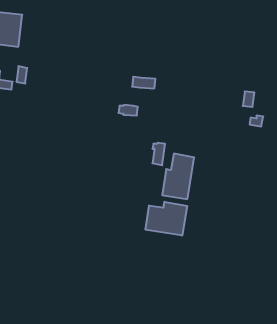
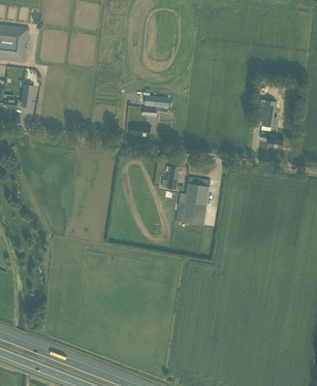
building: [146,202,187,236] -> none

